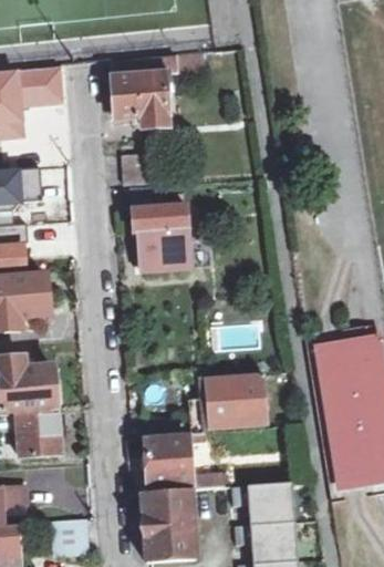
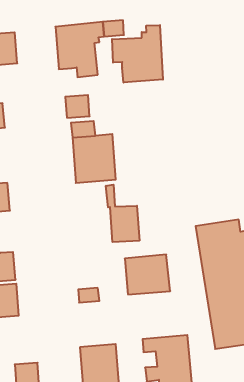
building: none -> [112,25,163,83]
building: none -> [106,185,139,242]
building: [145,434,225,489] -> none

